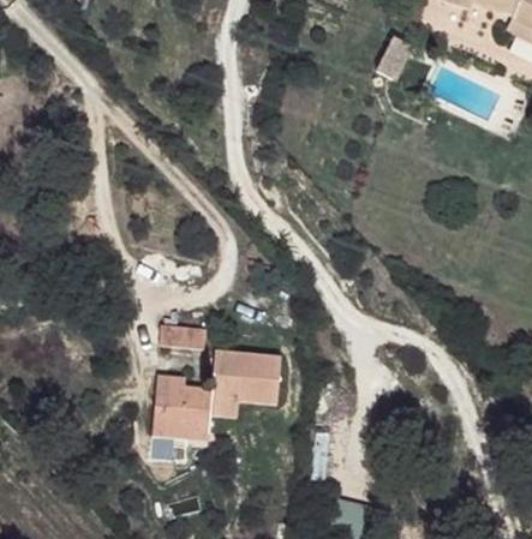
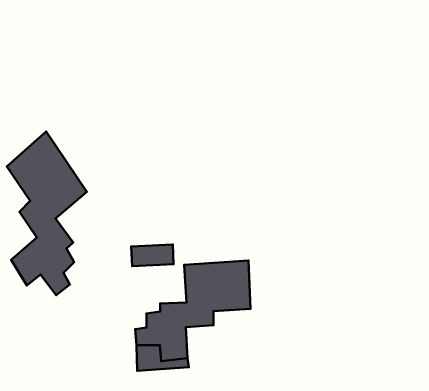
building: none -> [7,131,87,295]

